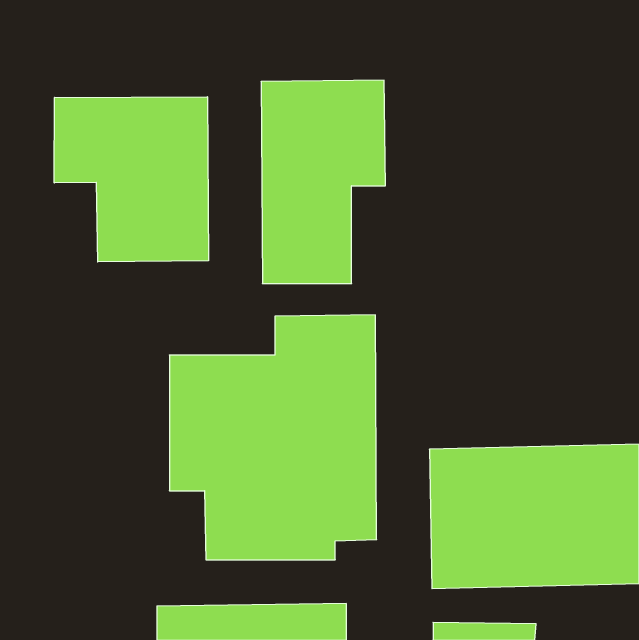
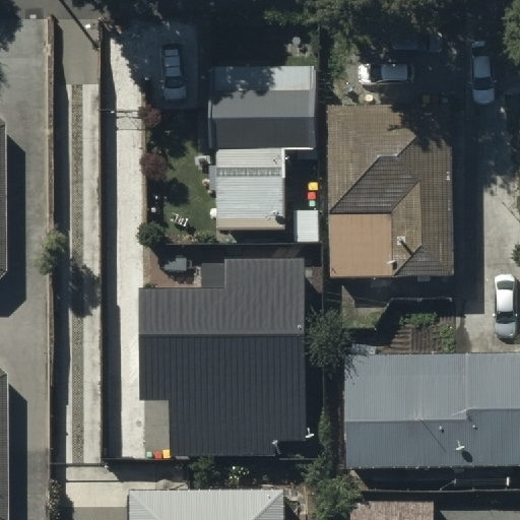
building: [54,97,208,262] -> none
building: none -> [328,113,455,284]

